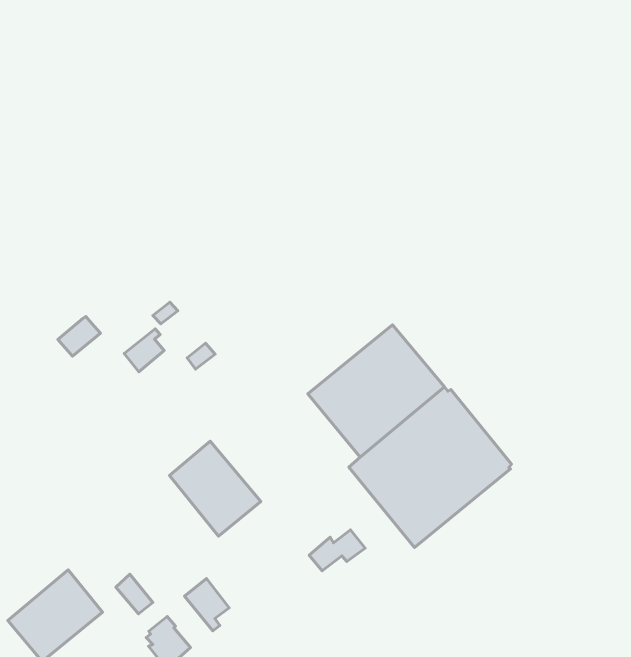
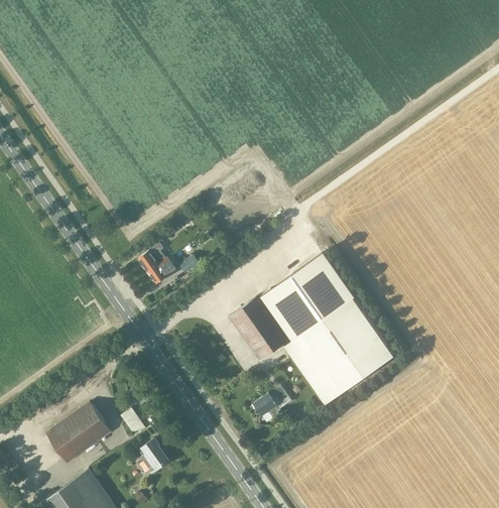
building: [58,316,101,356] -> [147,258,176,284]
building: [169,441,261,536] -> [229,296,289,361]
building: [185,578,229,631] -> none

